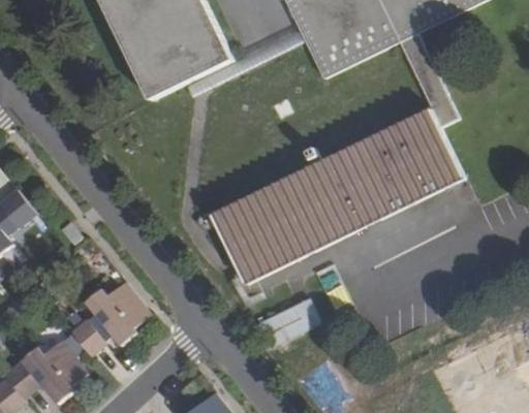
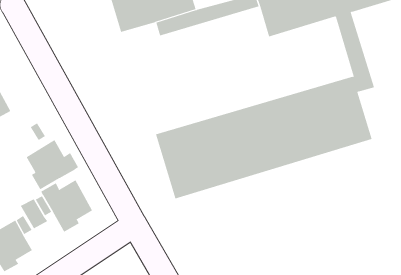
building: none -> [26,139,79,190]
building: [251,297,319,349] -> none

